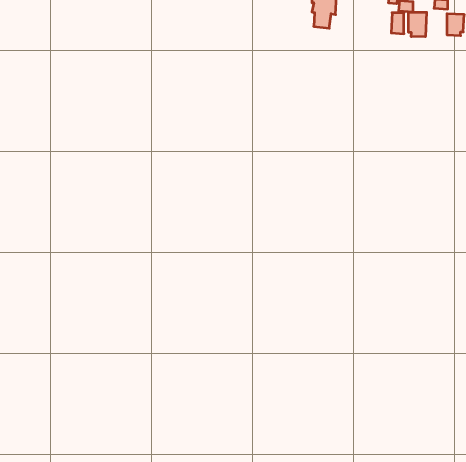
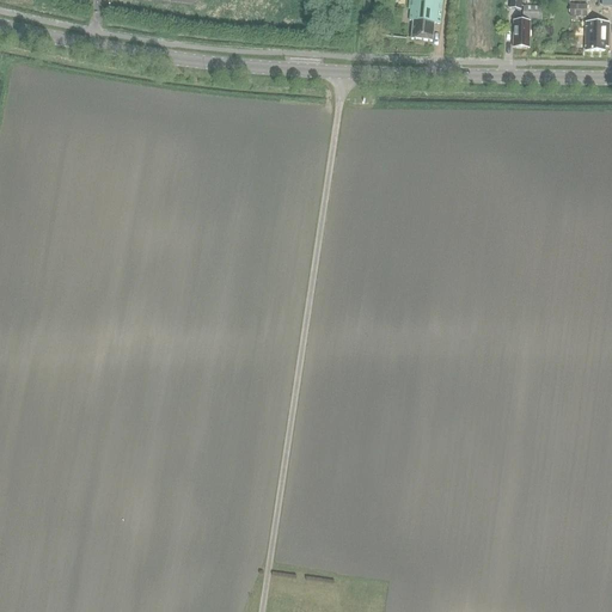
building: [409,12,427,37] -> none

